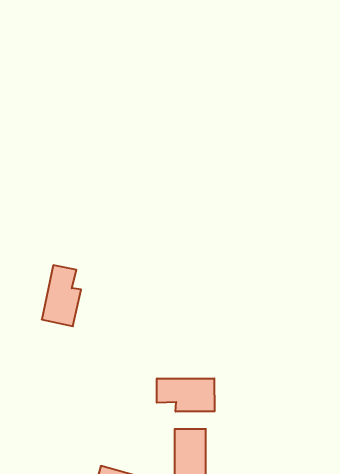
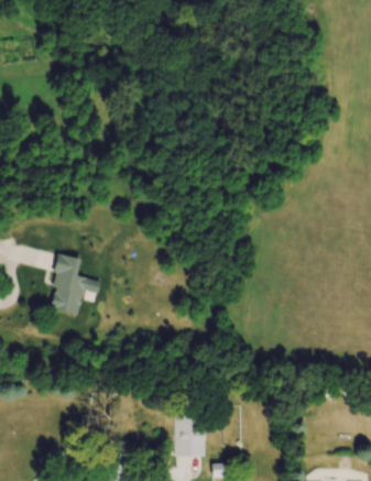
building: [157,378,215,412] -> none

